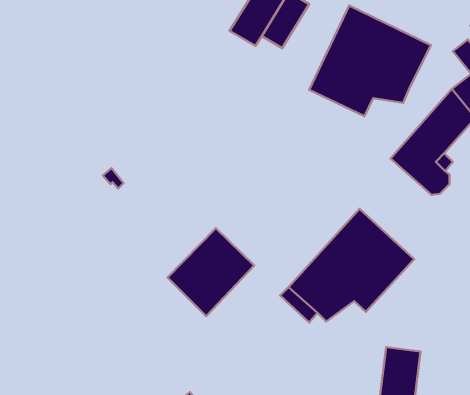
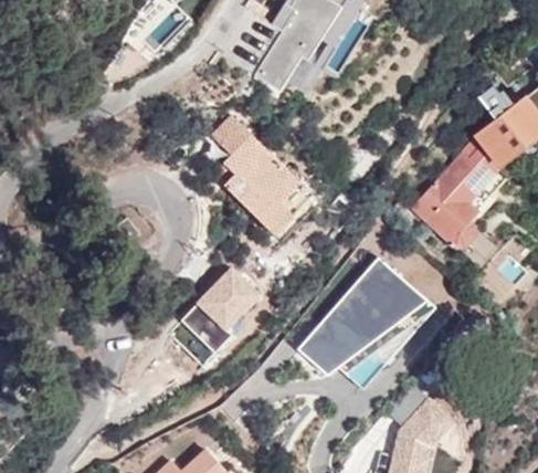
building: [309,5,431,116] -> none
building: none -> [207,112,316,238]

